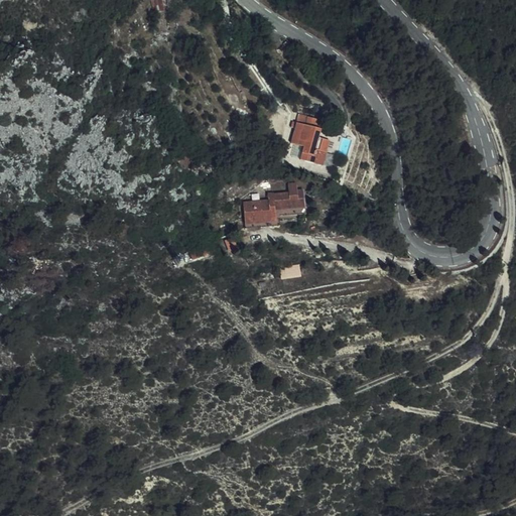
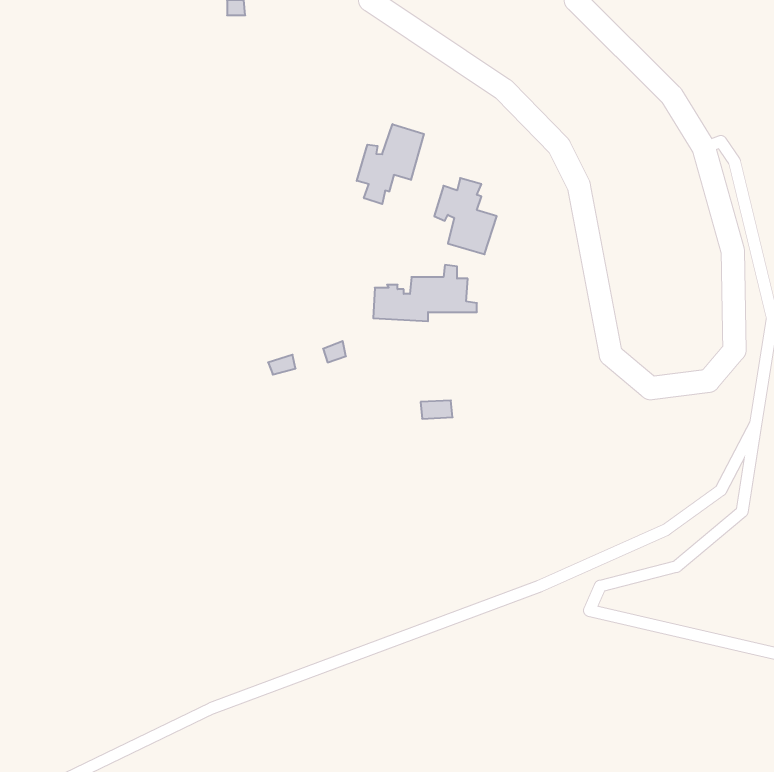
building: none -> [357,124,424,204]

